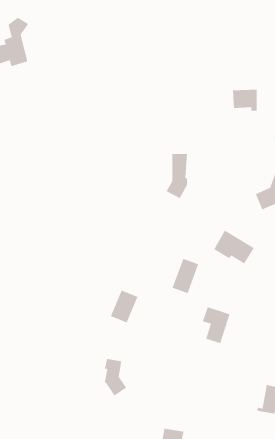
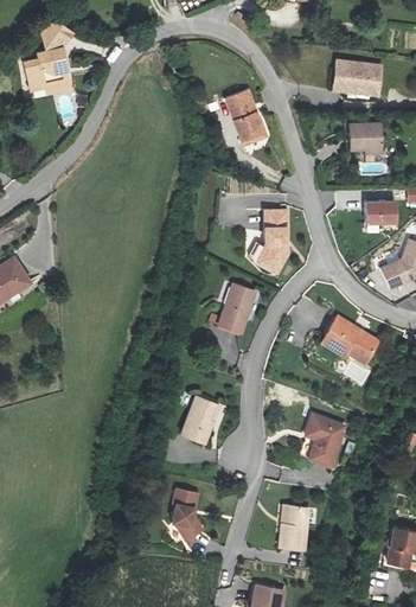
building: none -> [333,60,380,96]
building: none -> [224,90,264,145]
building: none -> [365,200,397,223]
building: [172,258,199,294] -> [217,285,255,334]
building: none -> [279,506,308,550]

